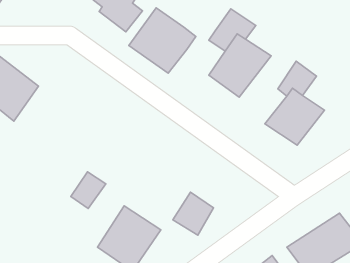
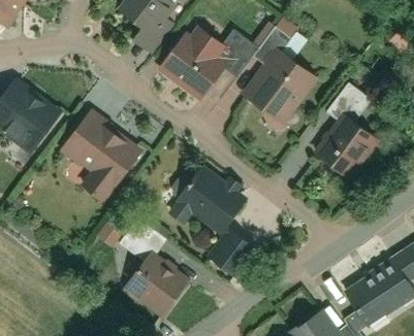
building: none -> [221,33,256,79]
building: none -> [59,112,141,203]
building: none -> [172,162,248,232]

